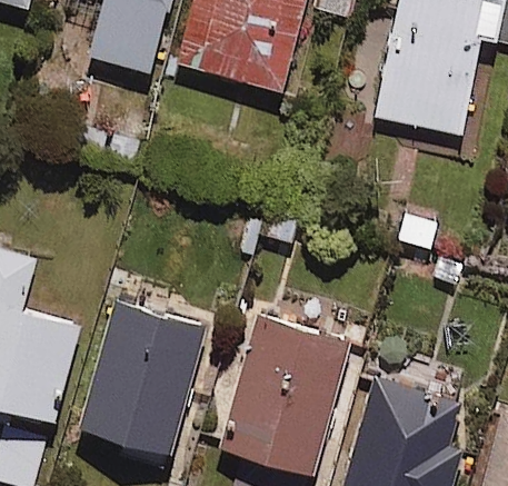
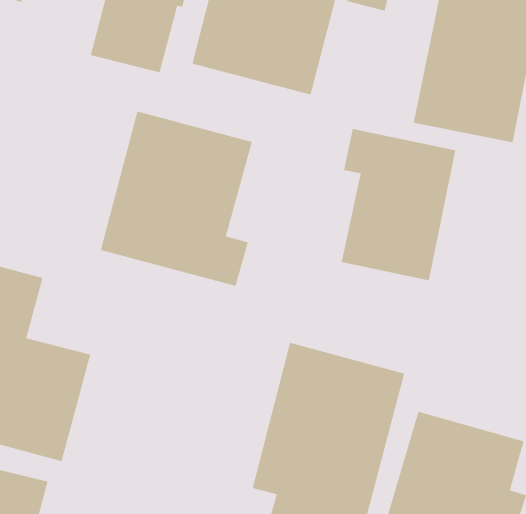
building: none -> [100,111,253,287]
building: none -> [341,128,456,281]
building: [83,301,213,455] -> none

